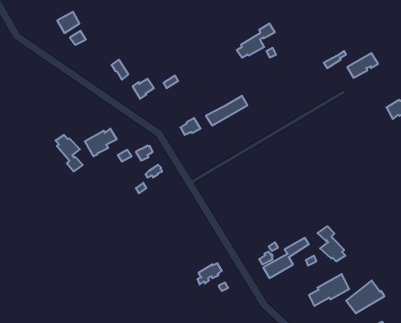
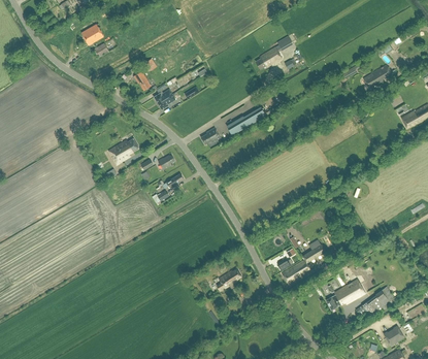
building: [55,135,83,171] -> none
building: [318,226,345,261] -> none

